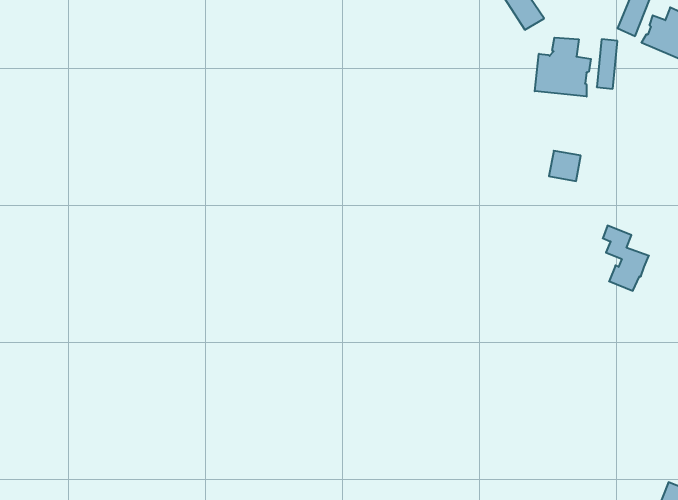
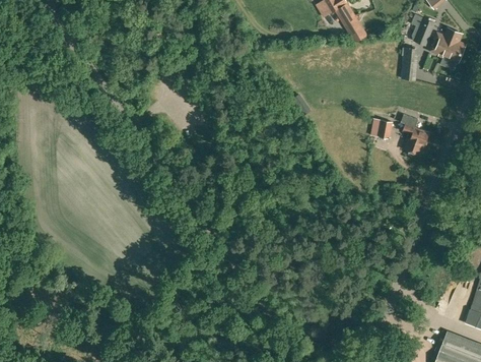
building: [535,38,591,97] -> none
building: [603,226,649,291] -> [400,115,429,157]

